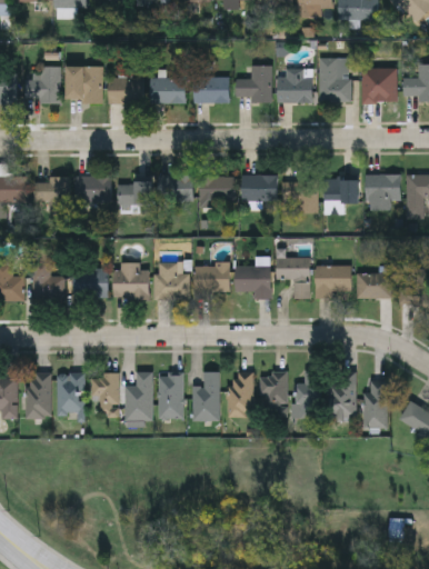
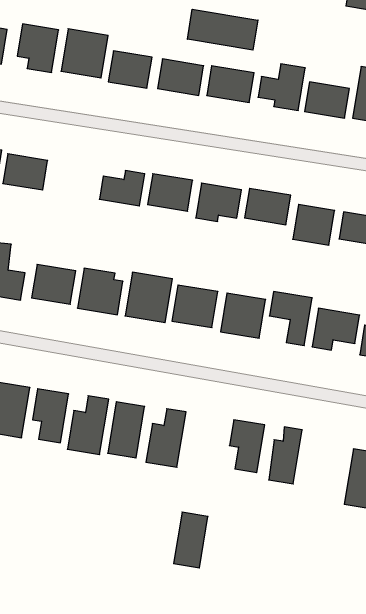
building: none -> [187,9,258,50]
building: [76,177,110,204] -> none
building: [230,370,252,415] -> [174,512,208,568]
building: [329,370,355,417] -> none

